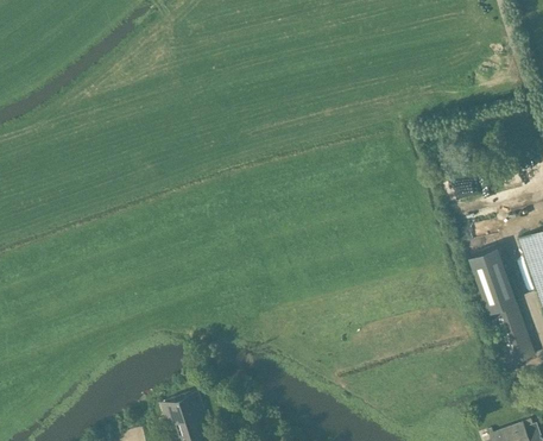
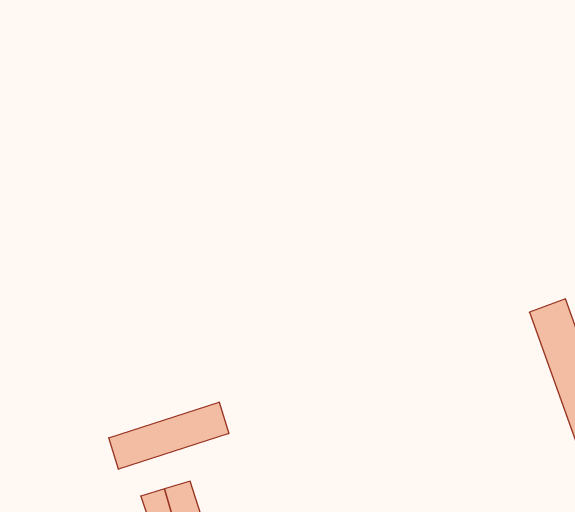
building: none -> [109,402,229,469]

